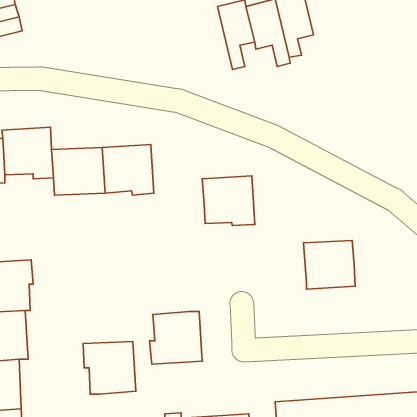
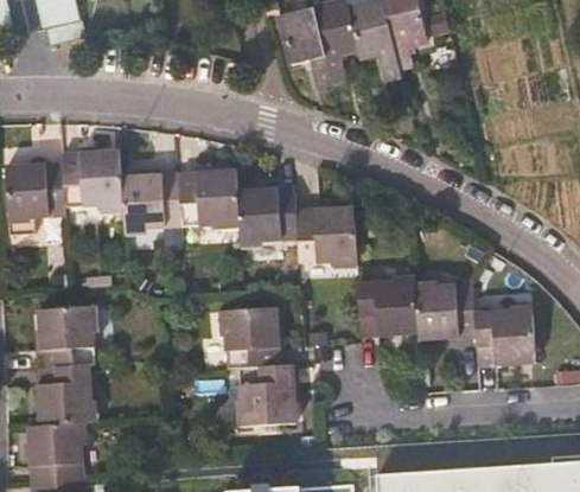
building: none -> [279,9,331,87]
building: none -> [236,187,298,244]
building: none -> [356,280,418,337]
building: none -> [473,308,534,366]
building: [83,342,136,394] -> [218,308,280,370]

